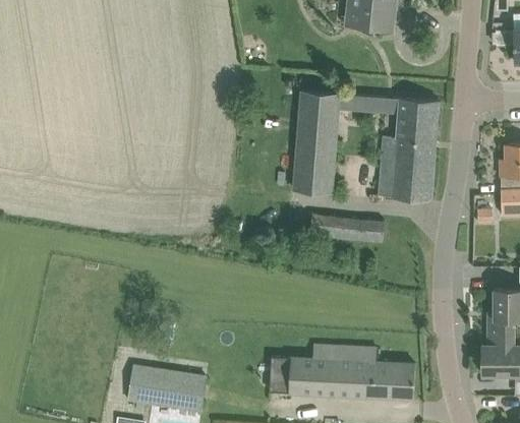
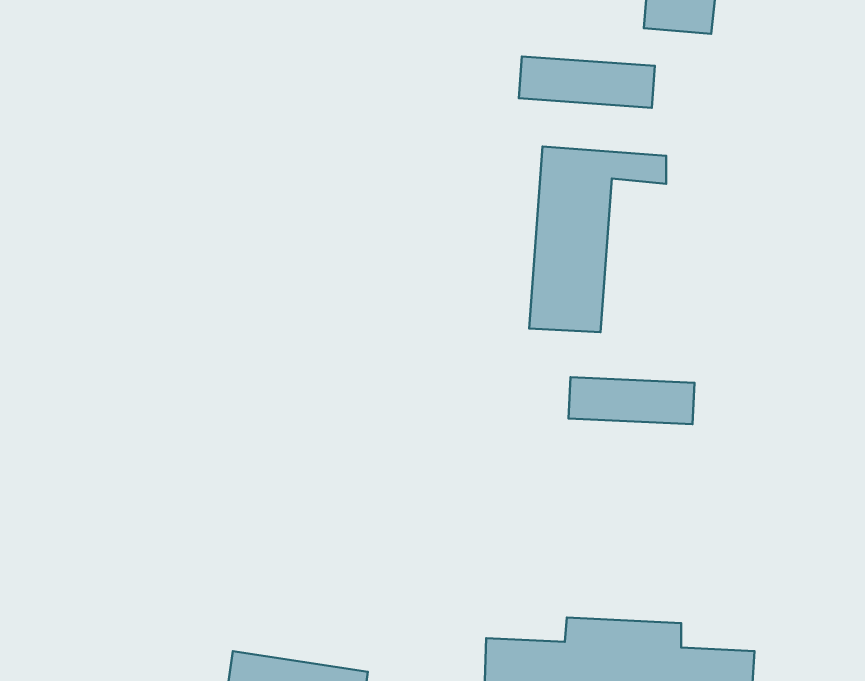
building: none -> [519,56,655,108]
building: [367,97,438,199] -> none

